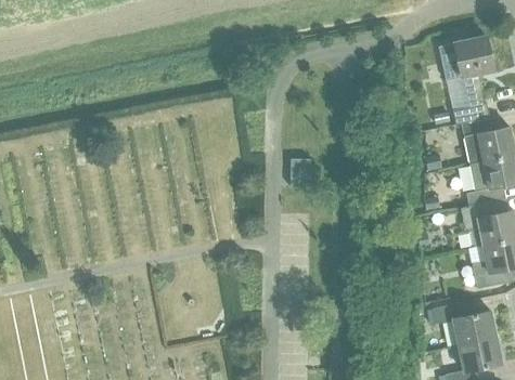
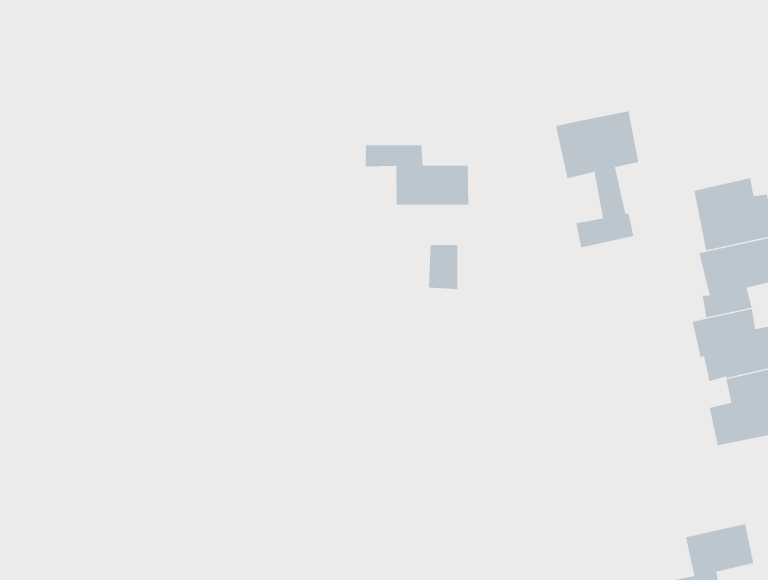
building: [440,37,494,126] -> [555,110,639,248]
building: none -> [365,145,469,205]
building: [434,303,497,348] -> none

